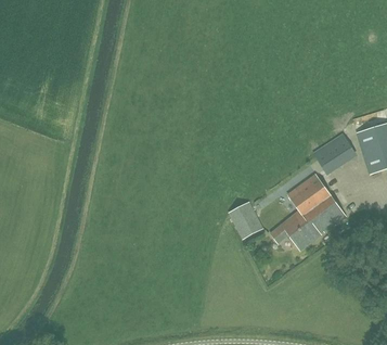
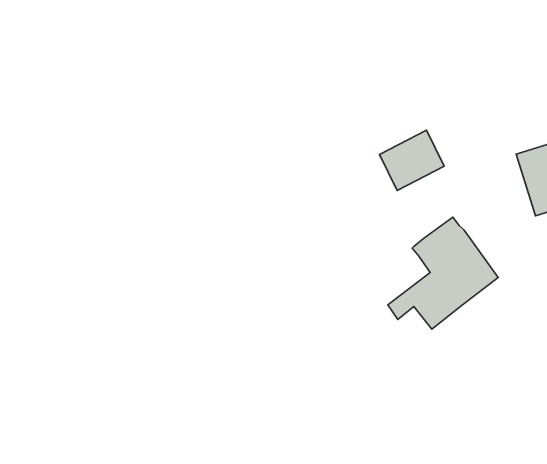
building: [318,132,361,172] -> [379,130,444,190]
building: [228,202,263,239] -> none

